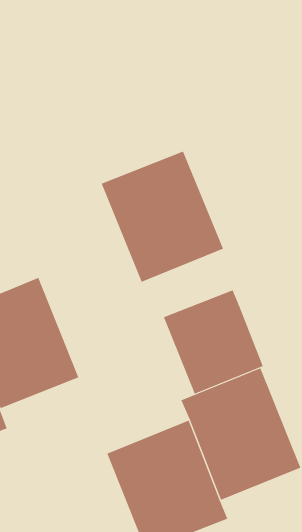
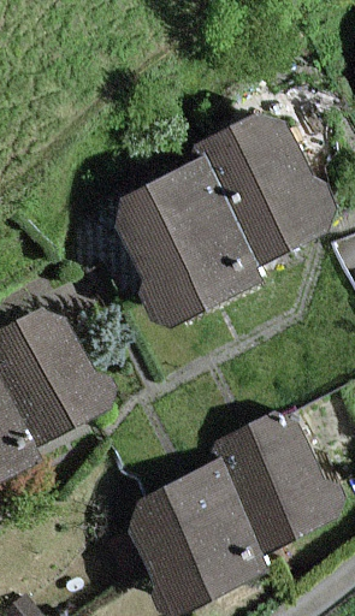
building: none -> [202,112,335,257]
building: [163,289,263,395] -> none

